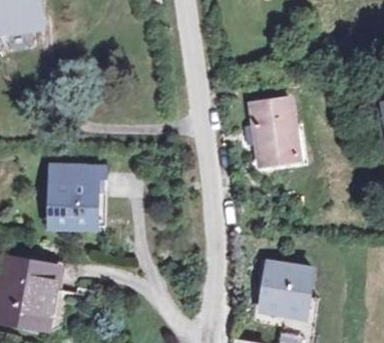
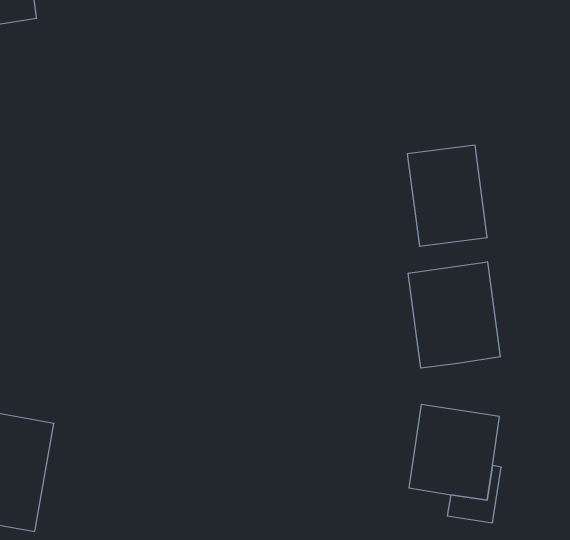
building: [58,174,98,226] -> none
building: none -> [408,262,500,368]

